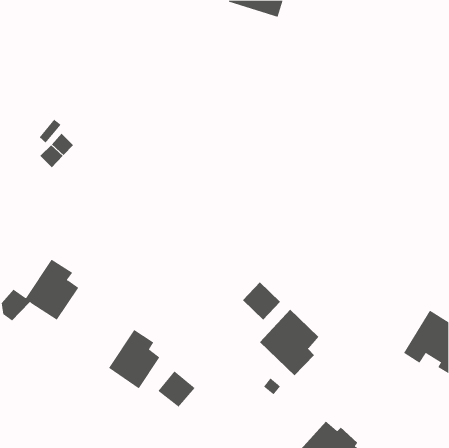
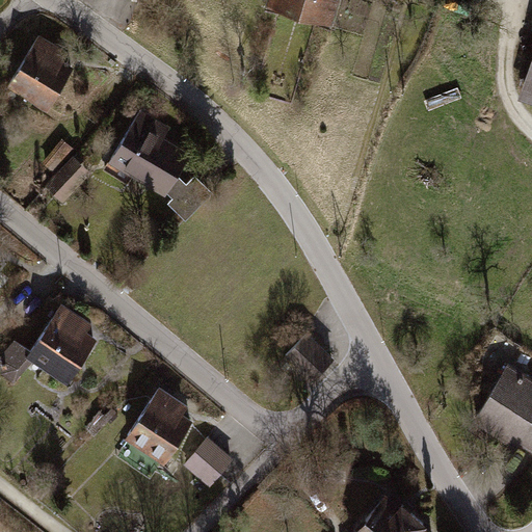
building: none -> [9,38,71,109]
building: none -> [105,113,209,220]
building: [259,309,319,376] -> none

